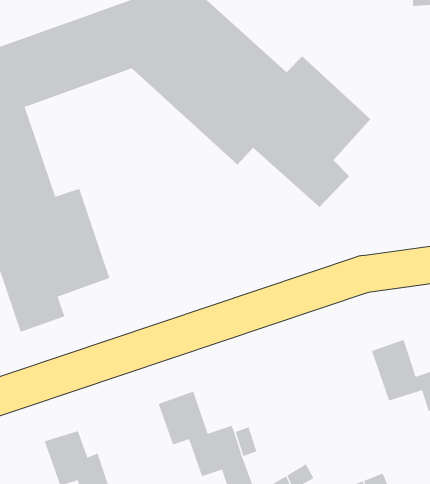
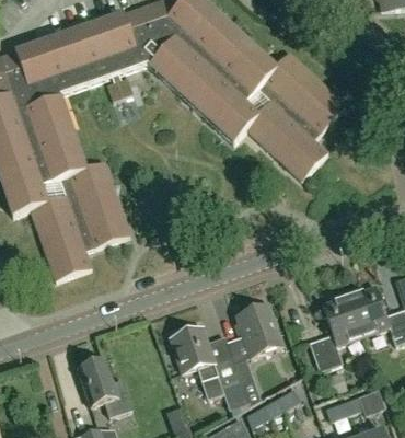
building: none -> [309,295,361,371]
building: none -> [236,306,281,356]

